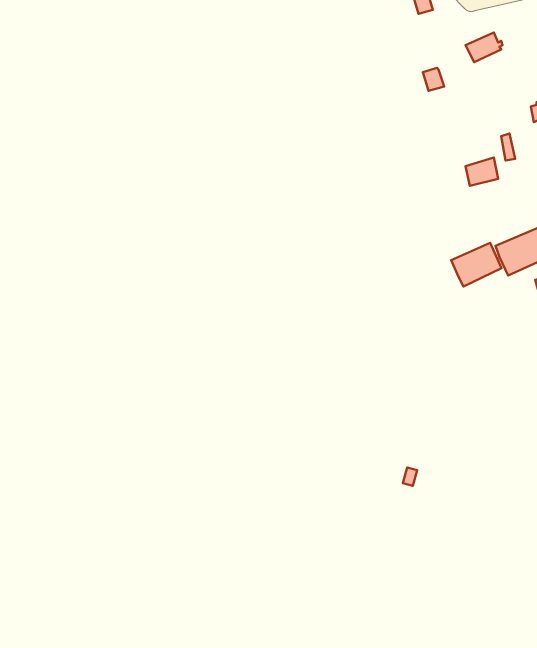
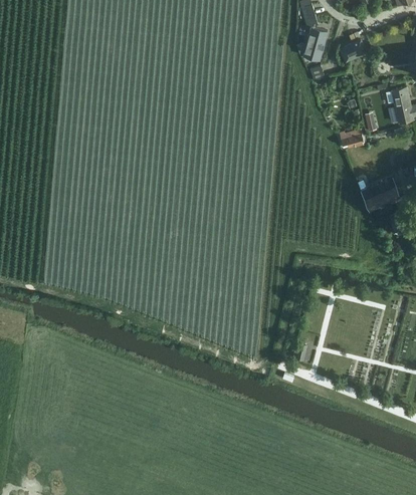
building: none -> [304,27,327,59]
building: [451,243,502,286] -> none

